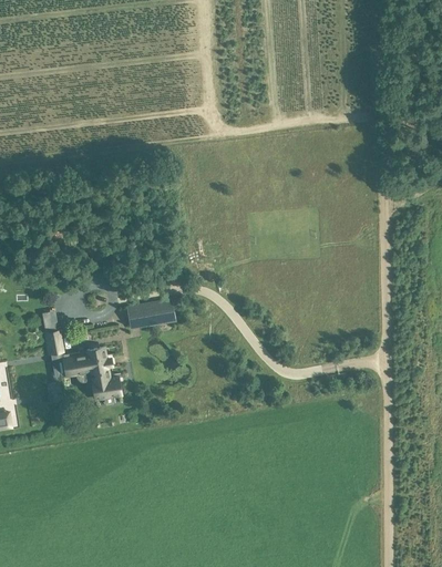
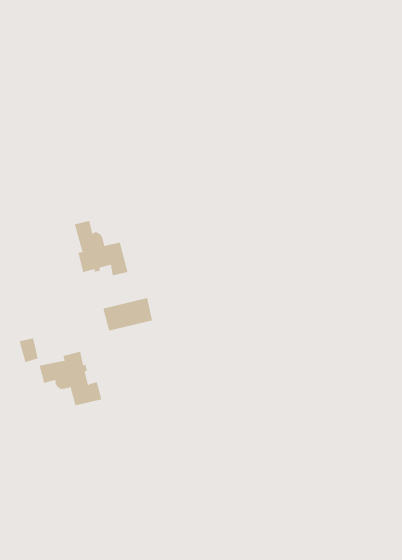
building: none -> [74,220,128,276]

